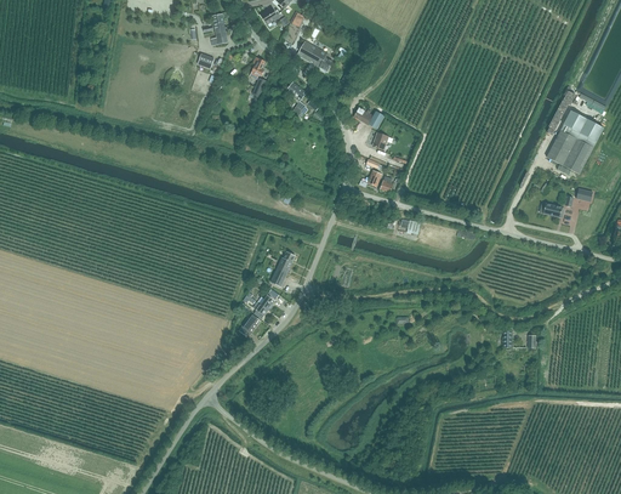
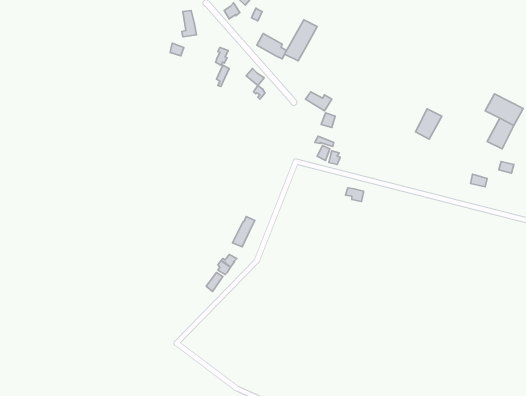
building: none -> [285,20,317,61]
building: [546,130,576,165] -> [416,109,442,139]

